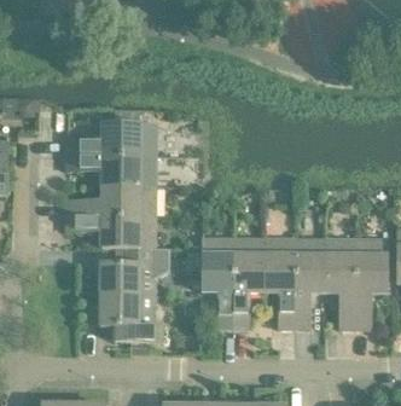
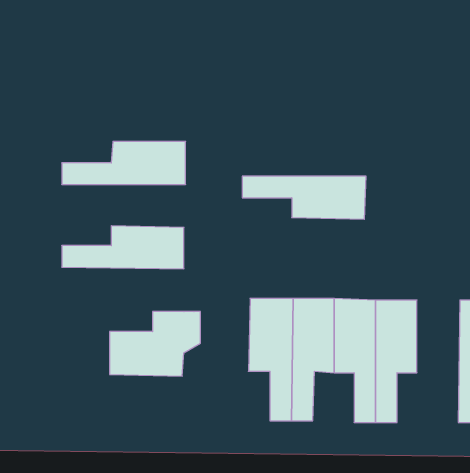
building: [65,153,156,185] -> [242,176,366,219]
building: [65,214,155,246] -> none
building: [325,238,356,327] -> none
building: [100,292,162,341] -> none

